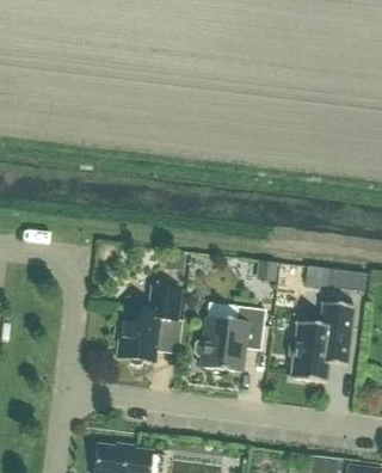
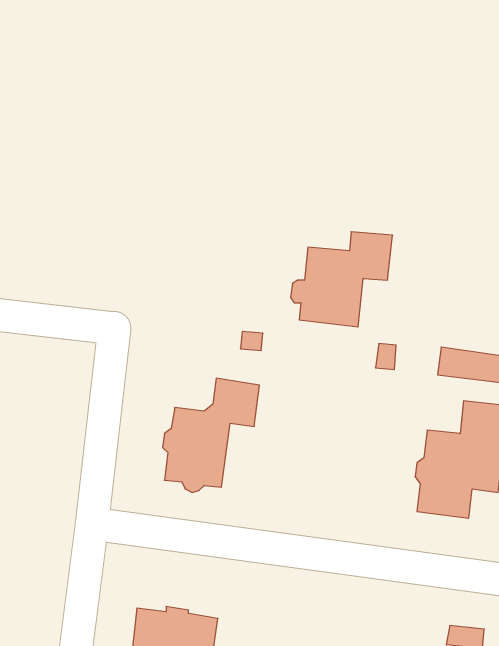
building: [195,306,265,371] -> [291,232,393,327]

